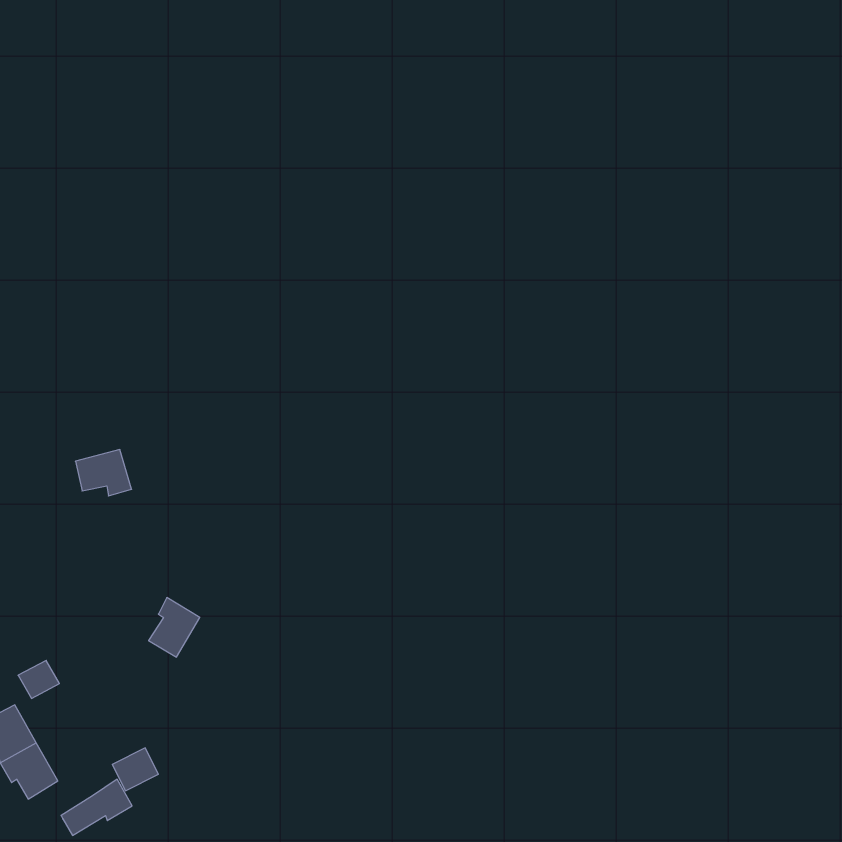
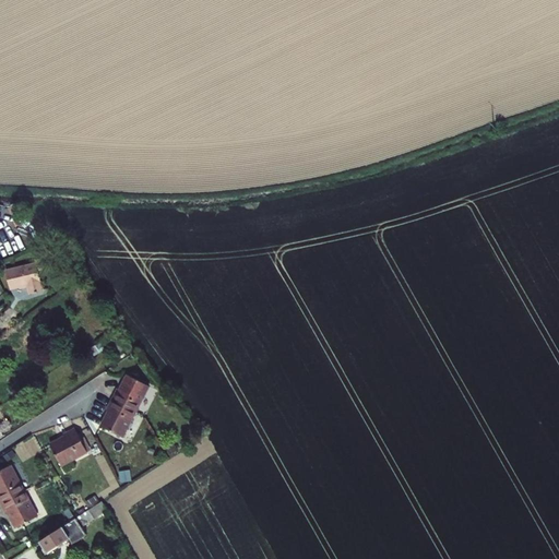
building: [75,450,132,496] -> [5,264,43,295]
building: none -> [110,372,147,409]
building: none -> [50,428,87,465]

